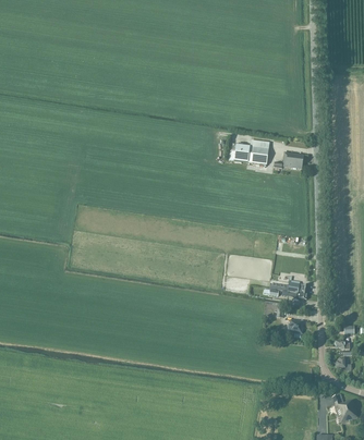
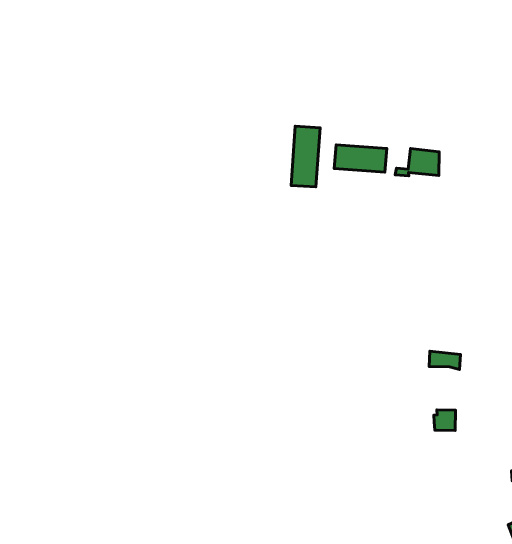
building: none -> [291,126,320,187]

